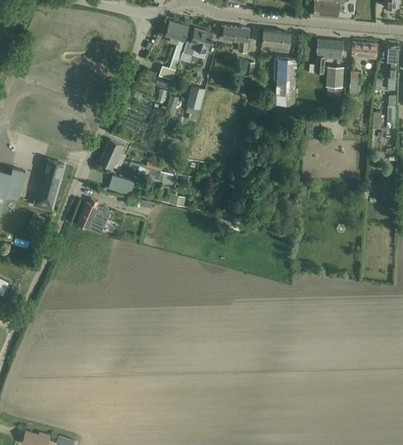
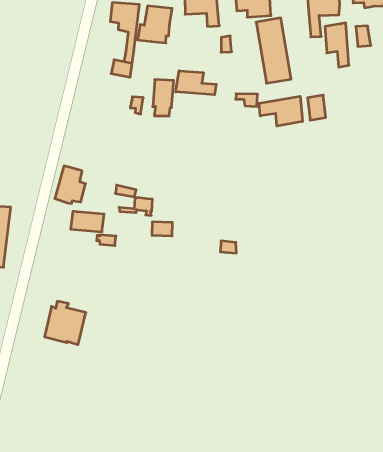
building: none -> [176,71,216,95]
building: none -> [259,96,302,126]
building: [77,198,111,234] -> [45,301,86,345]

